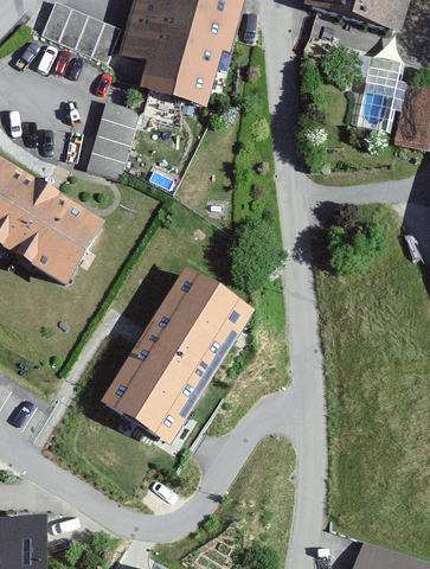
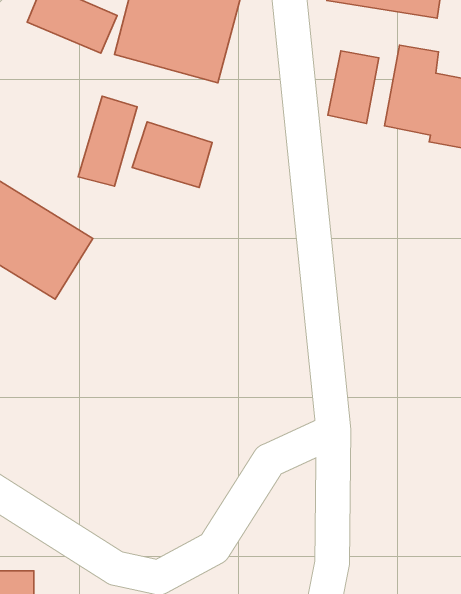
building: none -> [328,51,379,123]
building: none -> [132,122,212,188]
building: [103,267,259,445] -> none

